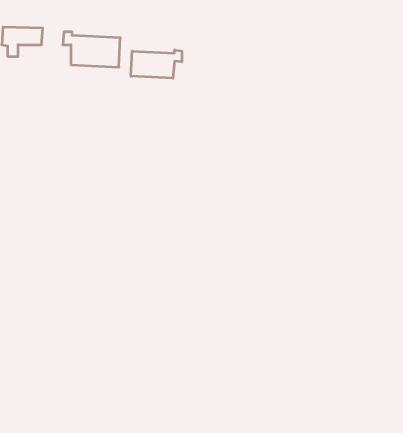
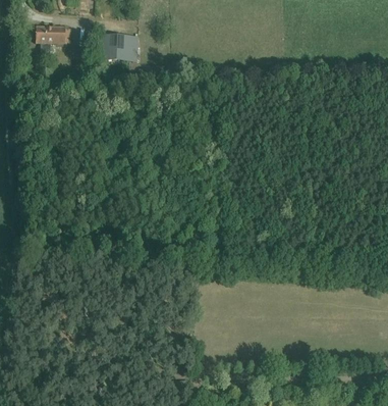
building: [131,50,182,78] -> none

